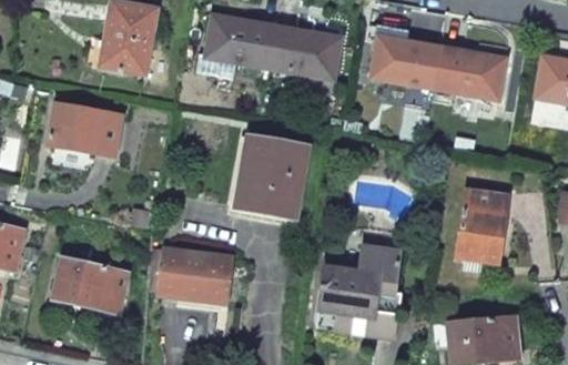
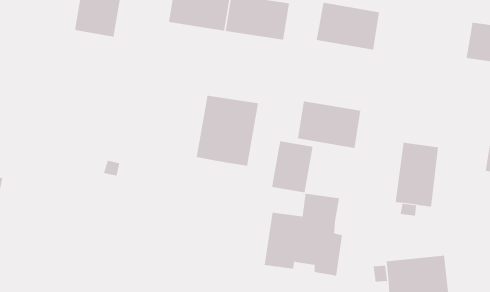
building: [435,45,506,99] -> [297,101,361,149]
building: [49,103,121,155] -> none
building: none -> [272,141,313,193]
building: [158,250,235,304] -> none
building: [53,257,128,312] -> none

